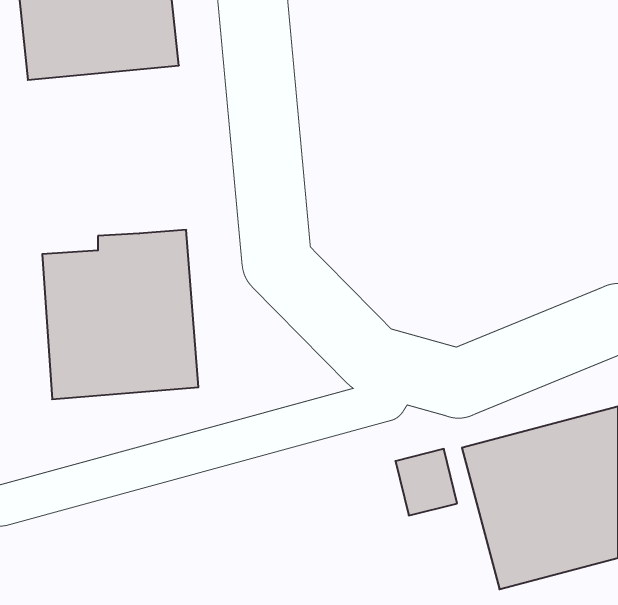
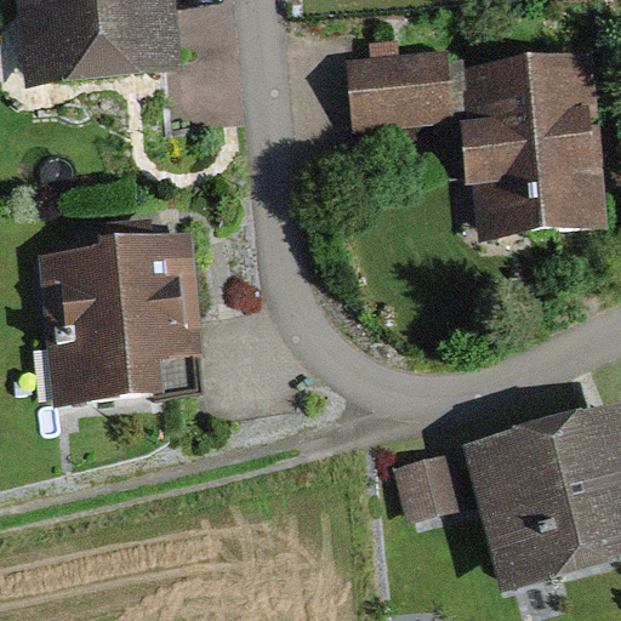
building: none -> [346,39,458,131]
building: none -> [463,56,602,234]

